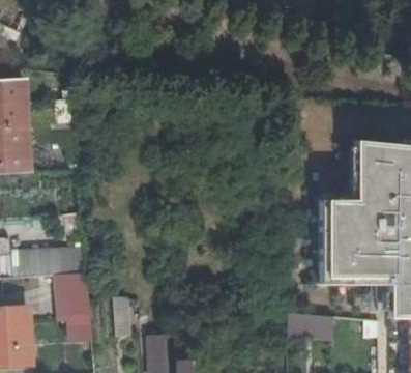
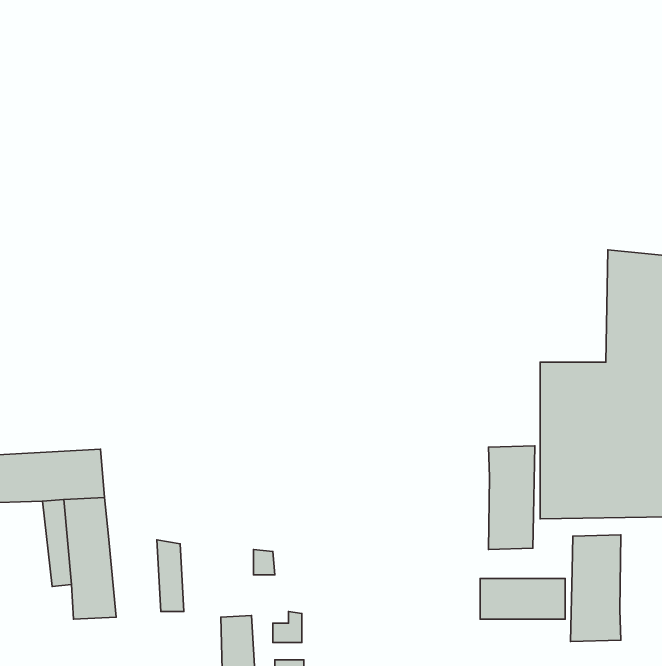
building: none -> [488,446,535,549]
building: none -> [571,535,621,642]

